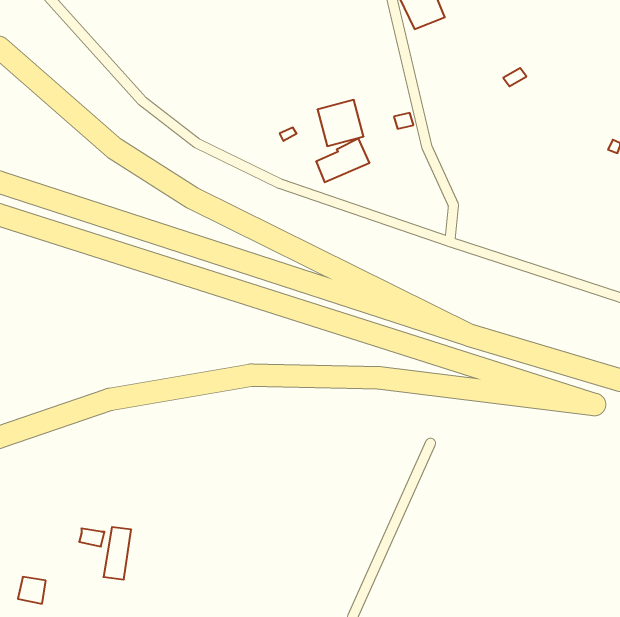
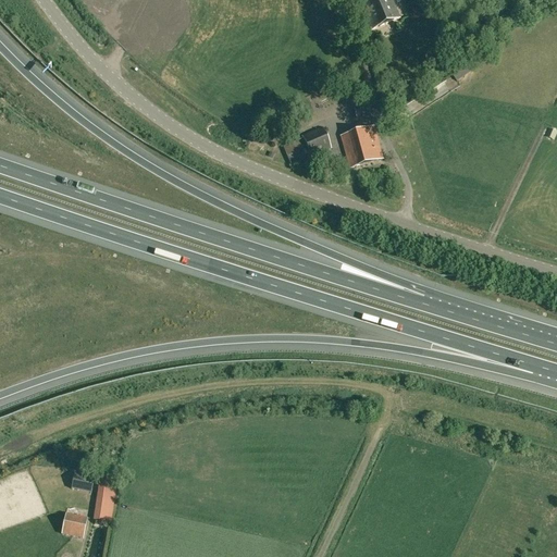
building: [317,100,364,146] -> [341,124,382,165]
building: [18,577,46,604] -> [61,512,86,536]

